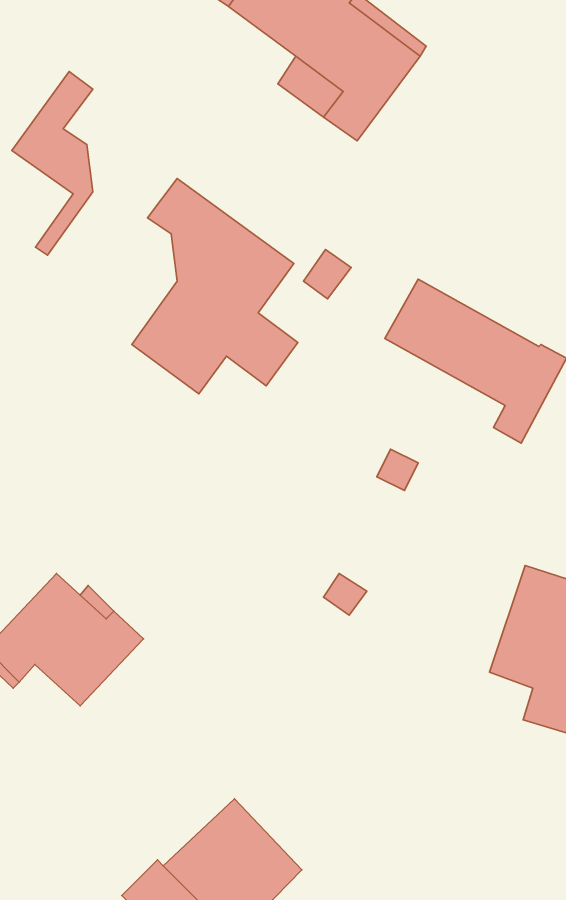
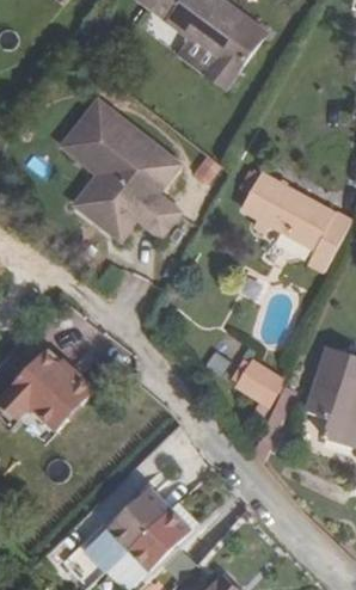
building: [12,71,93,255] -> [66,100,115,211]
building: none -> [233,359,283,406]

